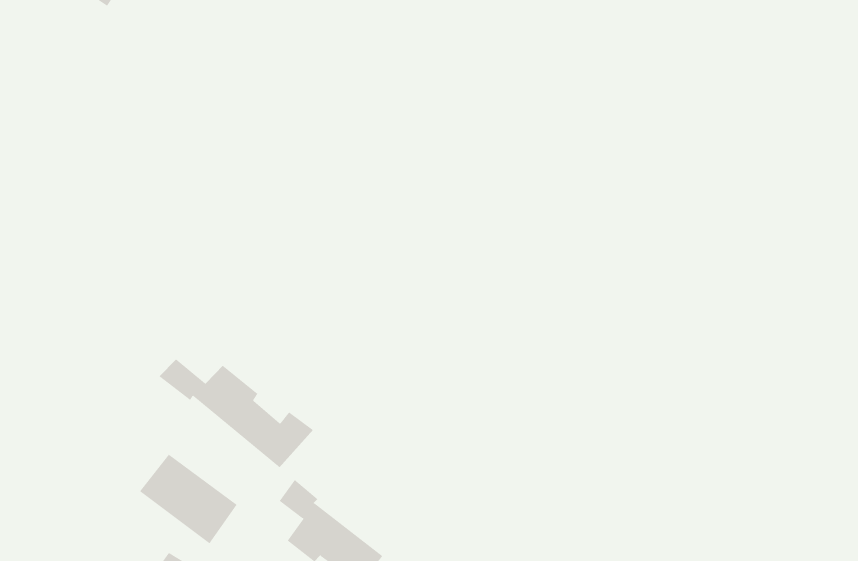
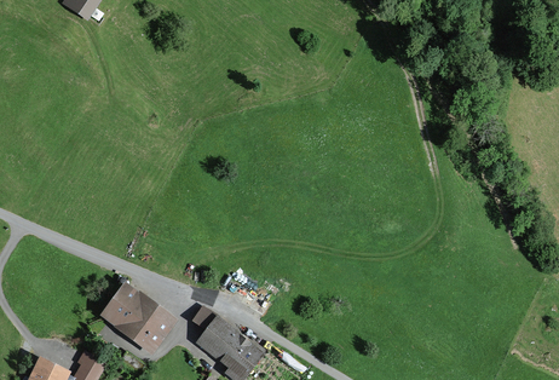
building: [159,358,314,468] -> none

